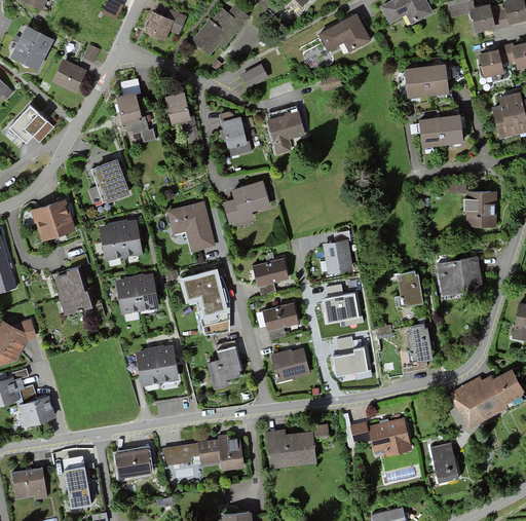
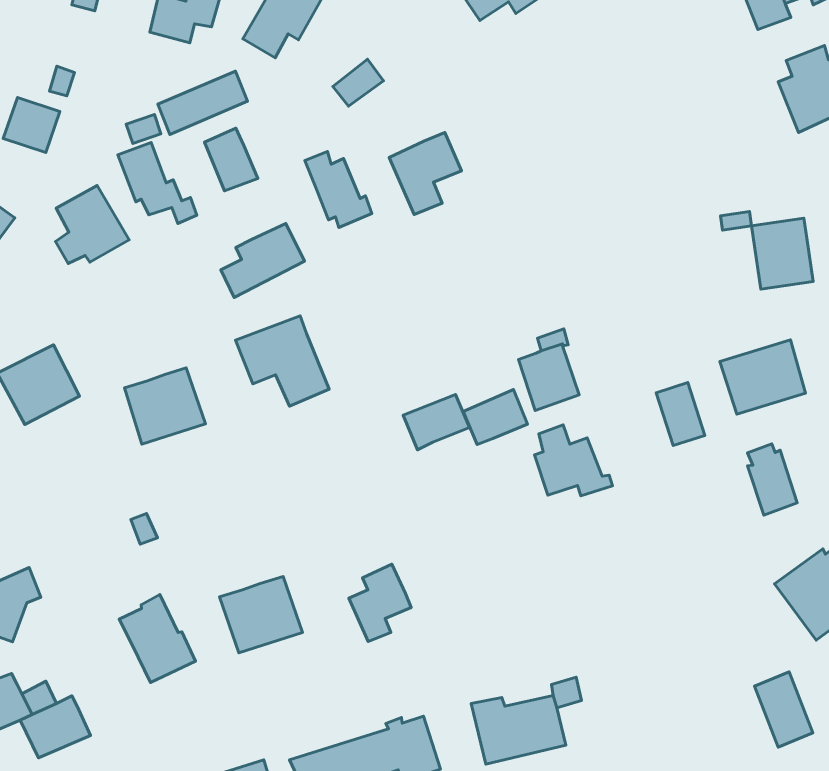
building: none -> [158,71,247,134]
building: [405,66,449,98] -> none
building: [418,114,462,146] -> none
building: [87,158,128,200] -> [56,186,129,264]
building: [223,181,270,218] -> [221,223,304,297]
building: [180,267,229,318] -> none
building: [53,268,92,317] -> [119,595,195,683]
building: [116,275,159,314] -> none
building: [264,303,299,331] -> [463,389,528,444]
building: [405,323,429,362] -> [747,444,797,515]
building: [334,337,373,379] -> none
building: [271,348,310,382] -> none
building: [351,421,413,459] -> none

